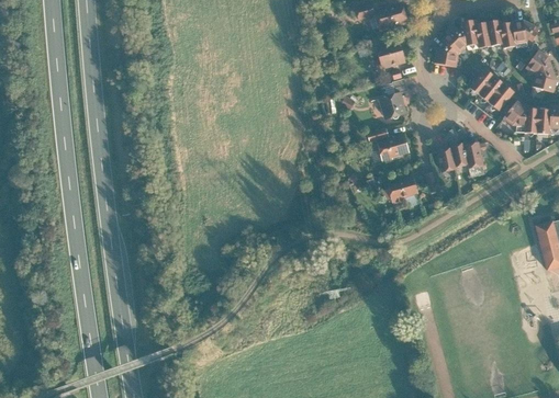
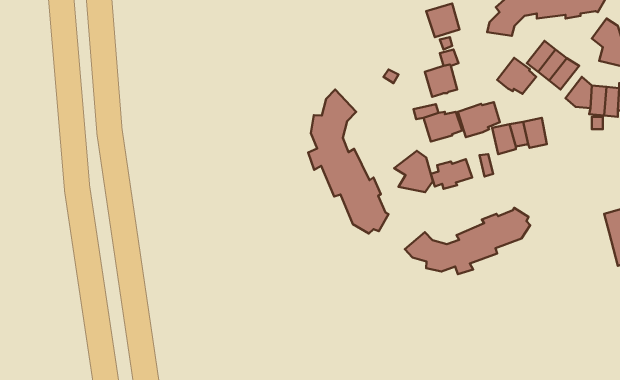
building: none -> [497,58,536,94]
building: none -> [308,89,389,234]
building: none -> [458,102,500,137]
building: none -> [394,151,433,192]
building: none -> [405,208,530,274]

